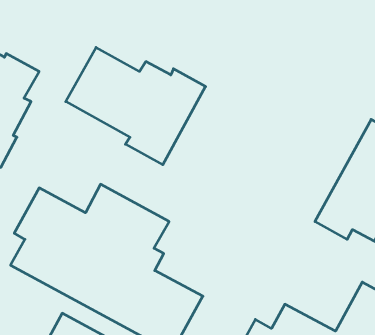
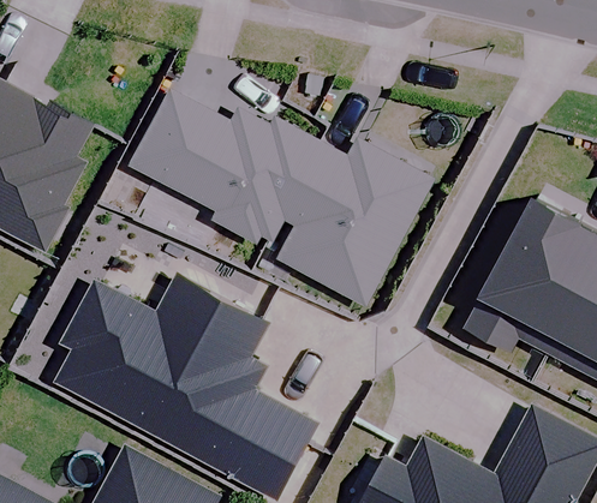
building: none -> [276,138,434,306]

